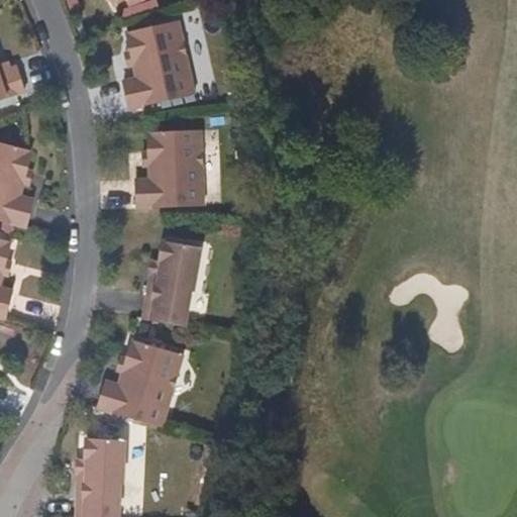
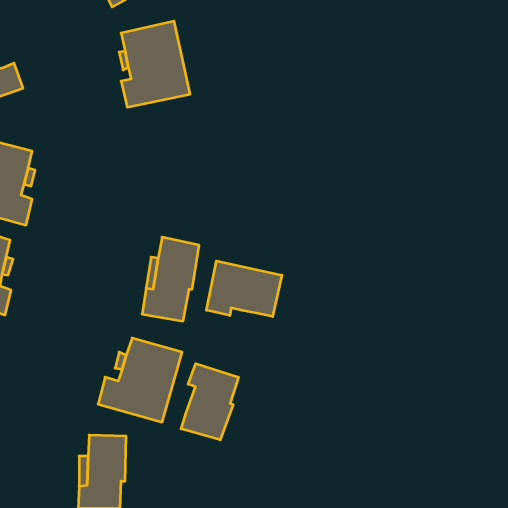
building: [136,127,204,209] -> none
building: none -> [206,261,282,317]
building: none -> [181,364,238,440]

